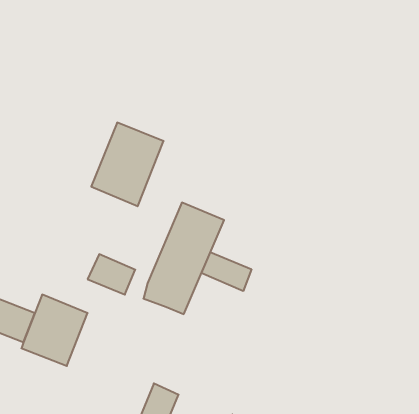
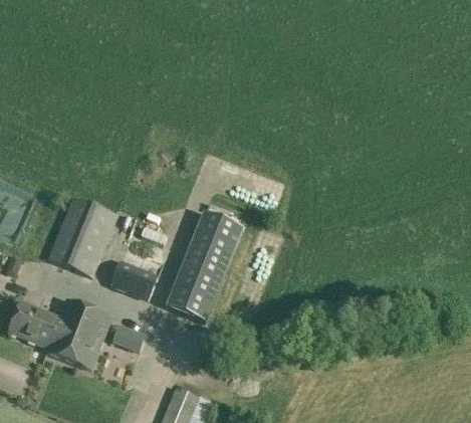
building: [91,123,164,206] -> [48,197,119,278]
building: [201,252,251,291] -> none
building: none -> [112,324,146,352]

